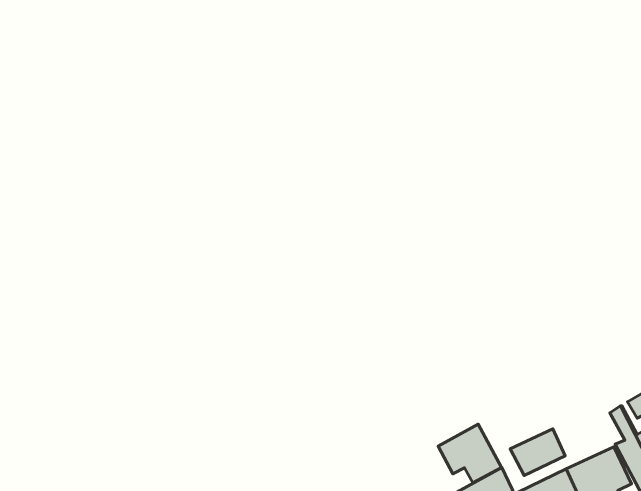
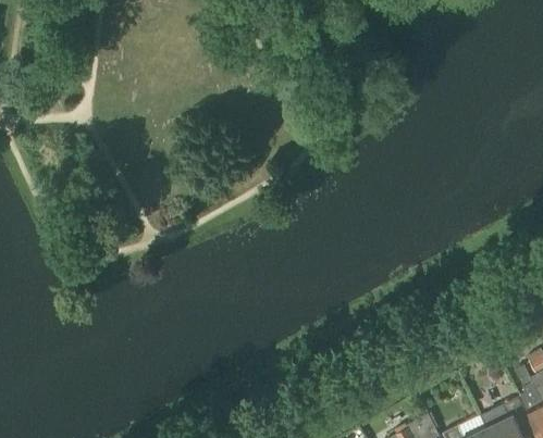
building: [438,424,502,483] -> none
building: [510,429,565,476] -> none

